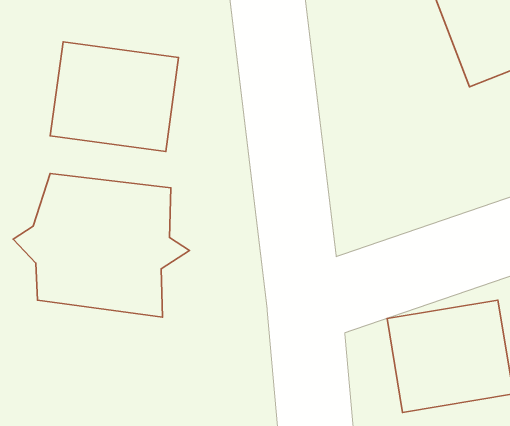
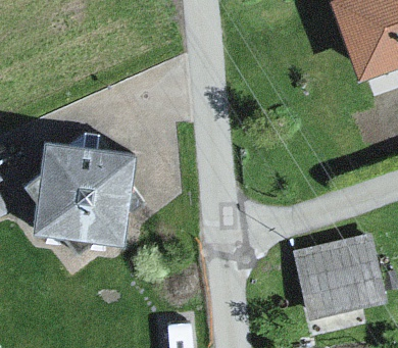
building: [50,42,179,151] -> none

